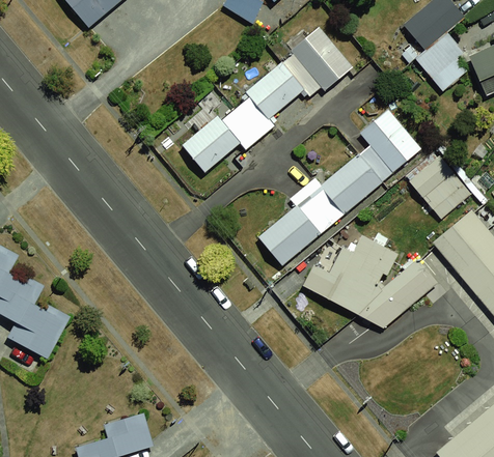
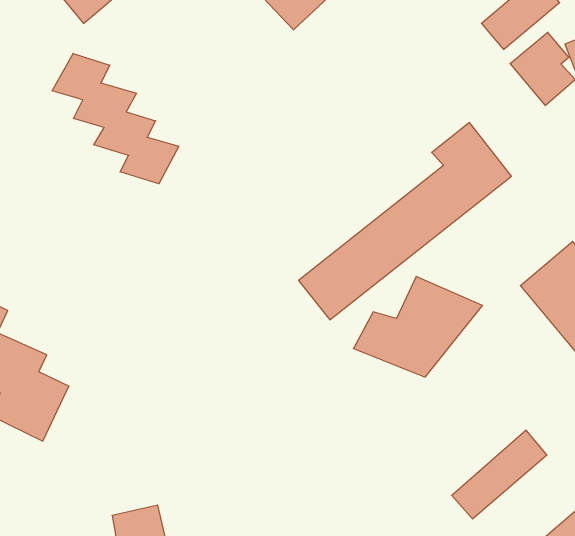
building: [176,27,352,179] -> none
building: none -> [52,53,179,184]
building: [403,154,465,218] -> none
building: [361,261,437,332] -> [452,430,547,519]

